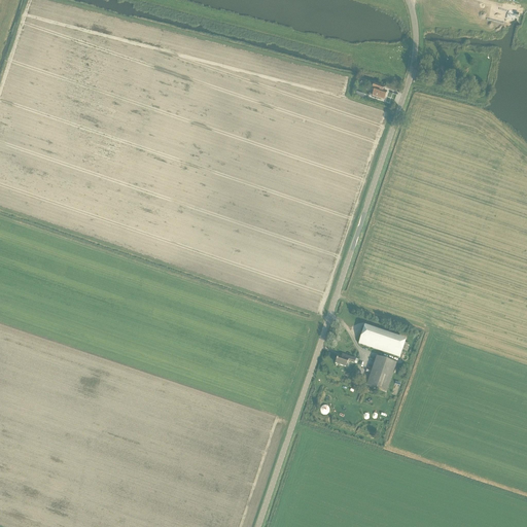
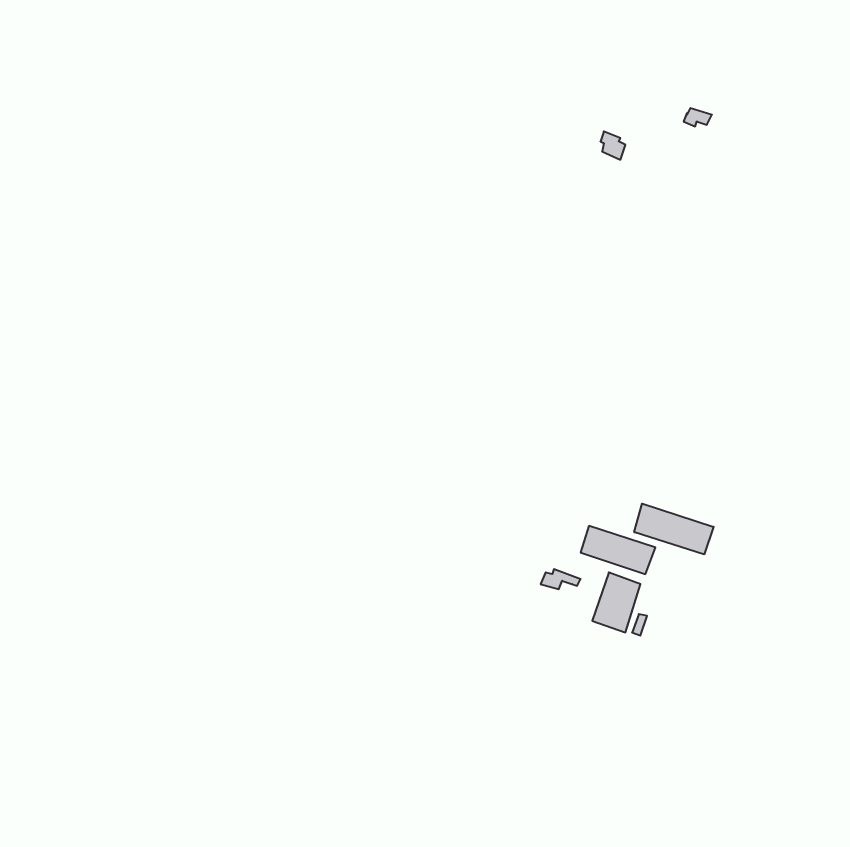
building: none -> [634,504,714,554]

